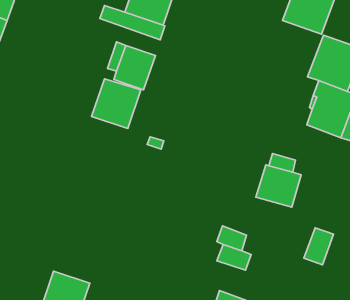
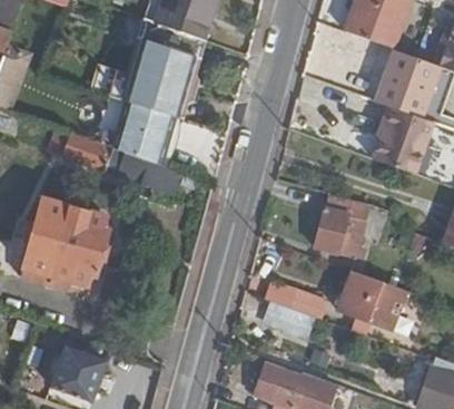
building: none -> [61,133,165,189]
building: none -> [23,198,111,291]
building: none -> [336,270,382,319]

